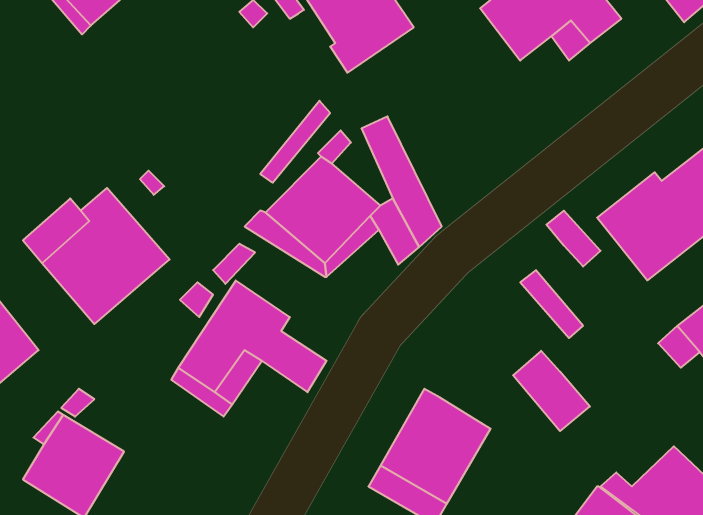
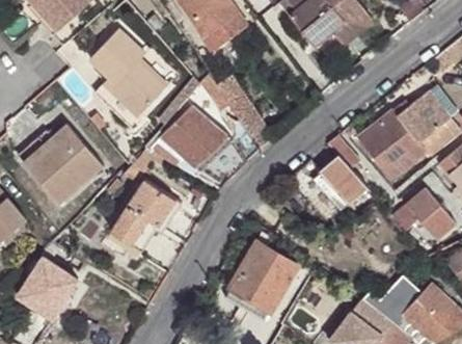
building: none -> [89,26,165,125]
building: [513,351,590,431] -> [322,156,368,204]

